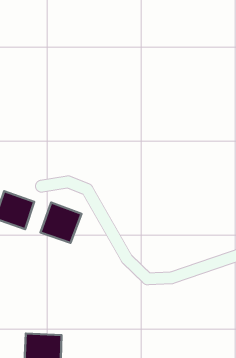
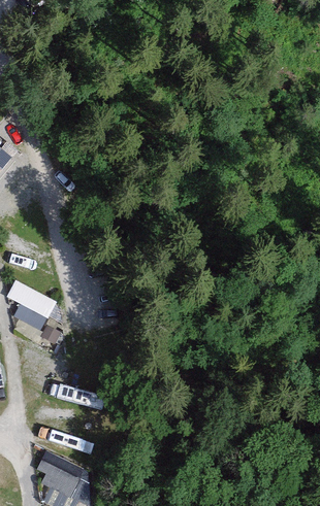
building: [41,203,81,243] -> none

